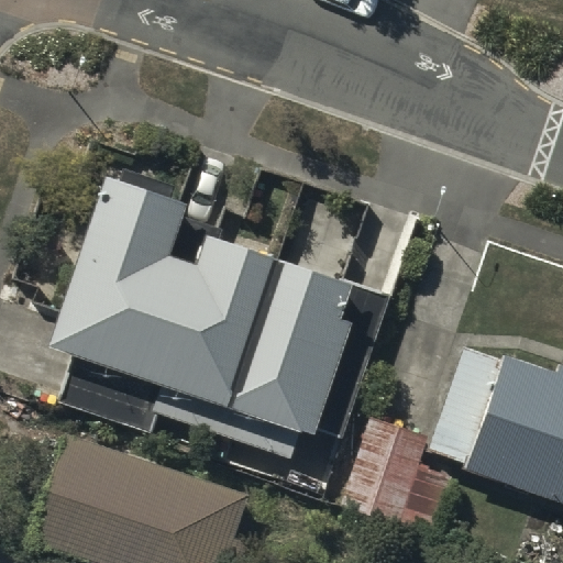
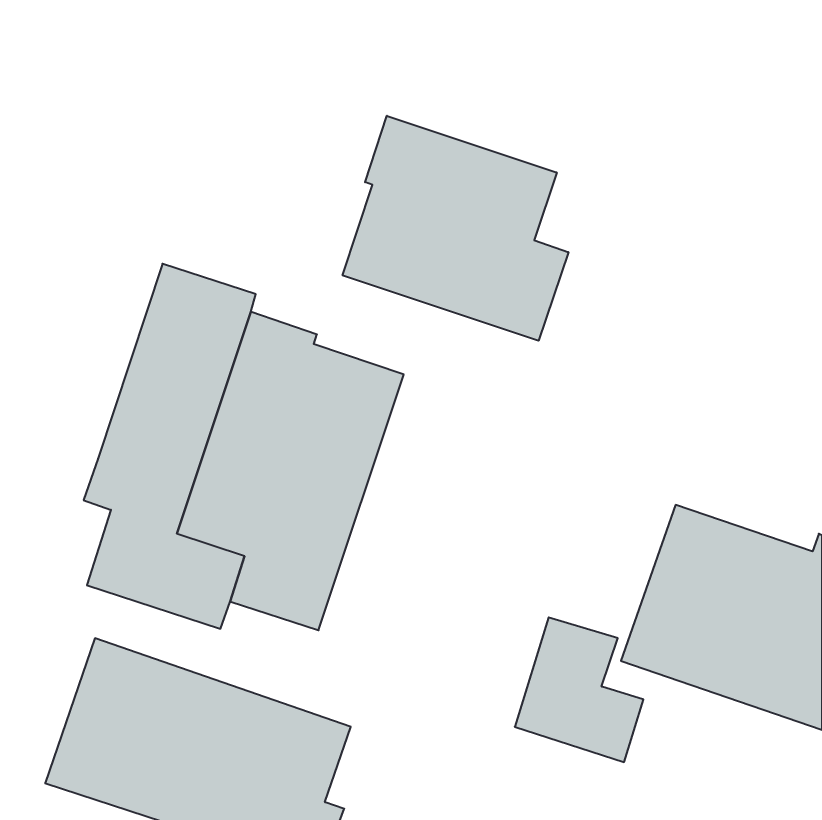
building: none -> [343,116,568,341]
building: [218,257,389,457] -> none

